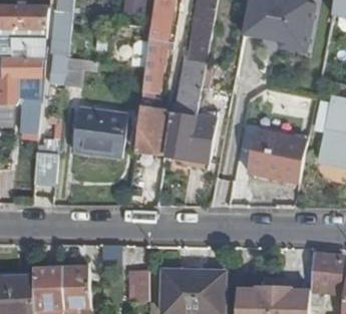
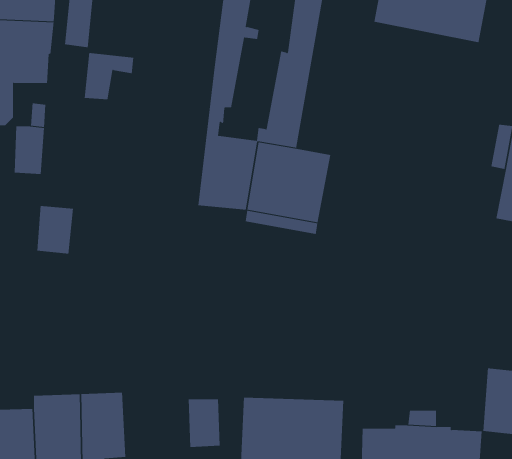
building: [72,107,126,156] -> none
building: [247,129,307,182] -> none

